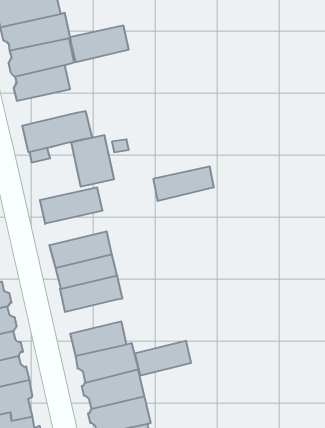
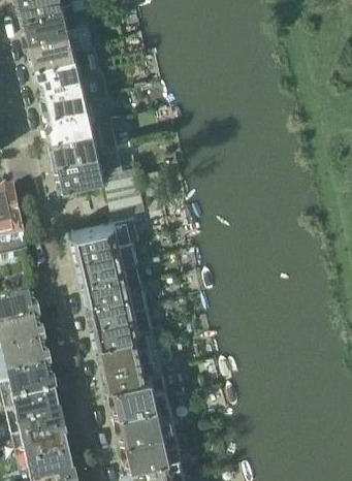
building: [70,26,129,62] -> [46,114,104,150]
building: [153,166,214,201] -> [75,233,135,267]
building: [135,341,191,375] -> [94,321,150,355]

